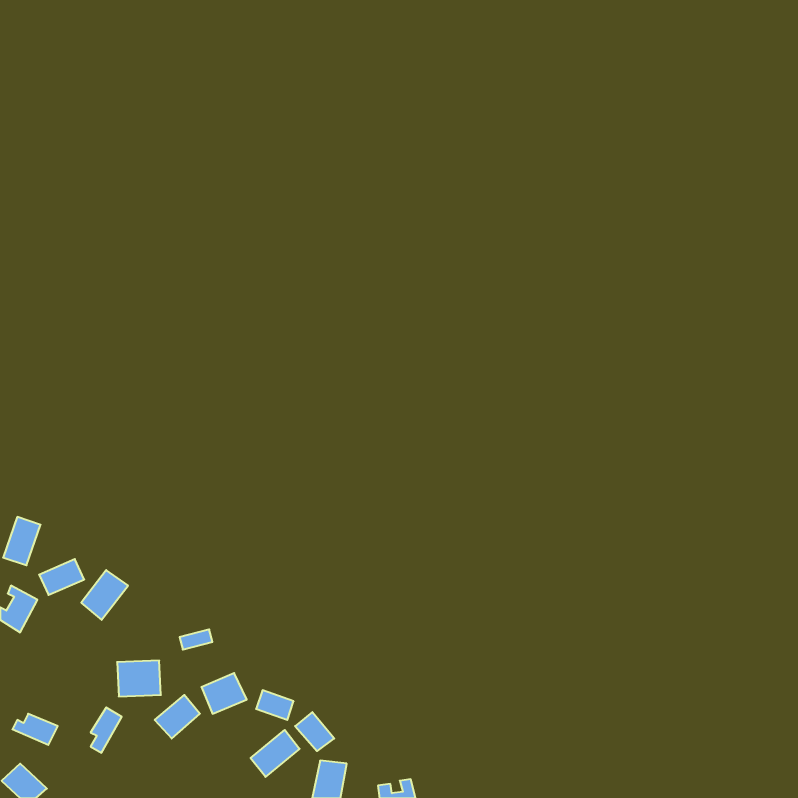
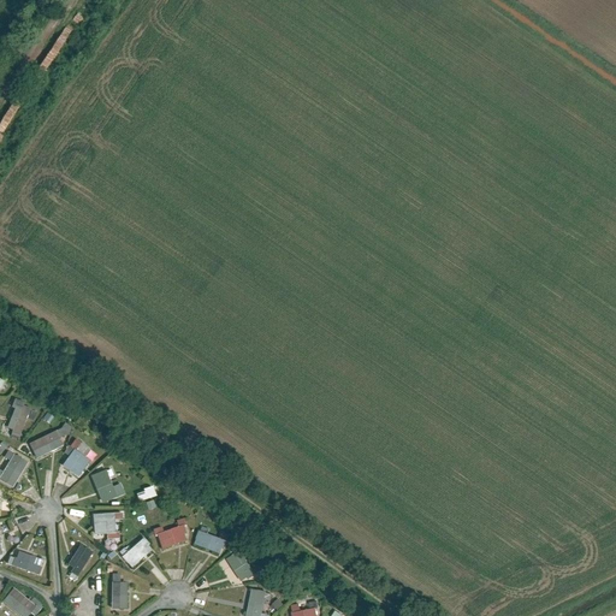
building: none -> [91,469,120,503]
building: [251,730,300,777] -> none
building: none -> [111,571,129,610]

